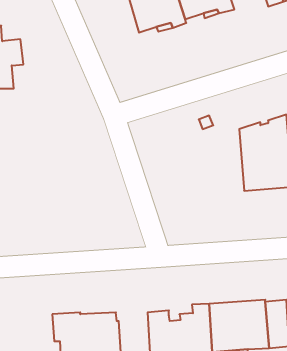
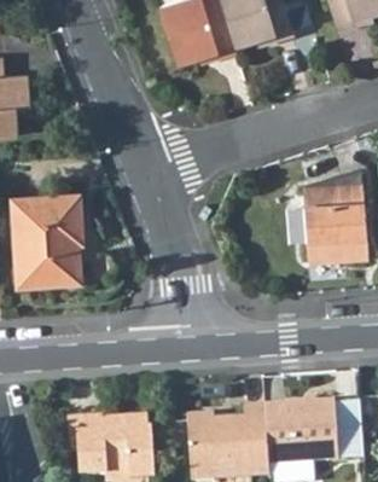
building: none -> [12,192,82,286]

